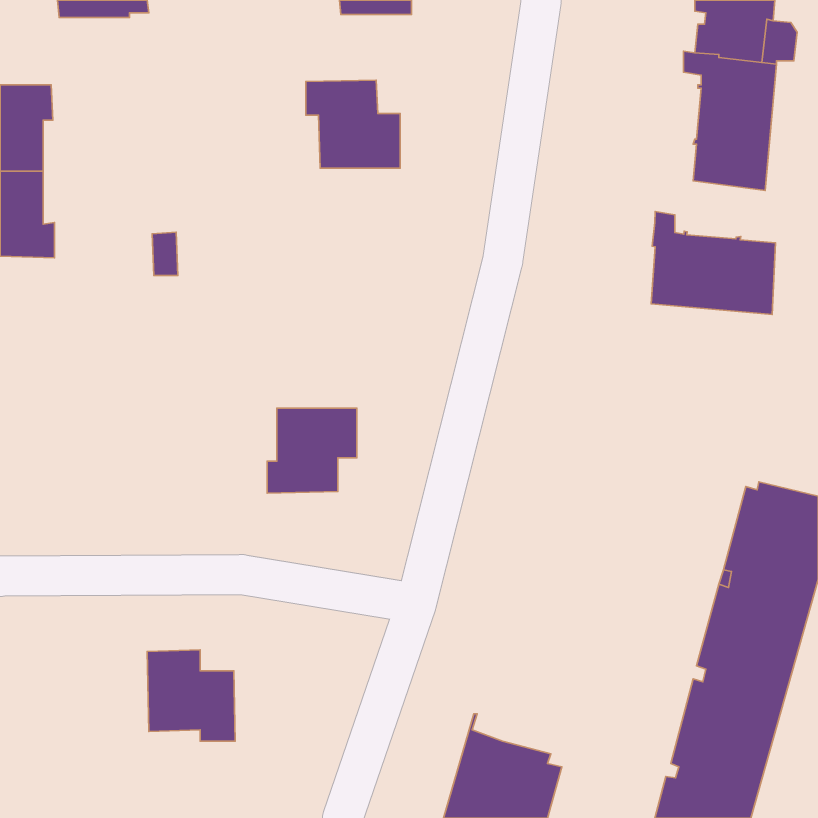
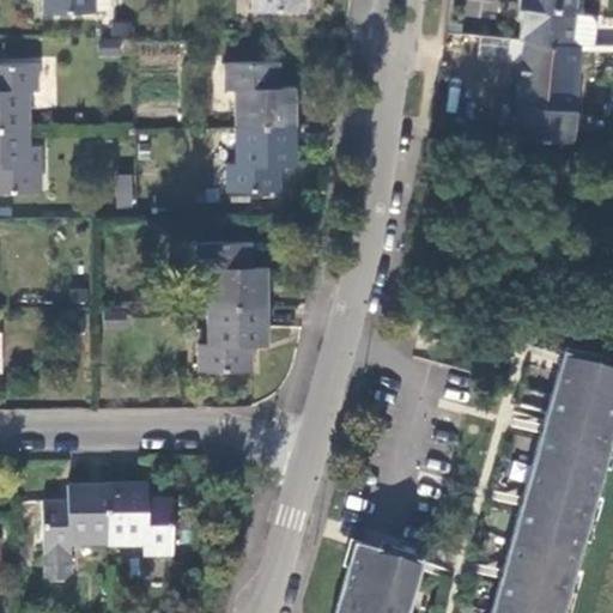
building: none -> [231,126,299,189]
building: [651,211,775,315] -> none
building: none -> [199,242,267,305]
building: none -> [45,487,111,582]

